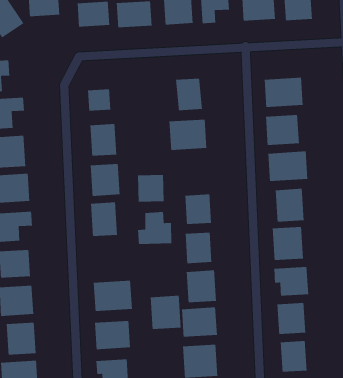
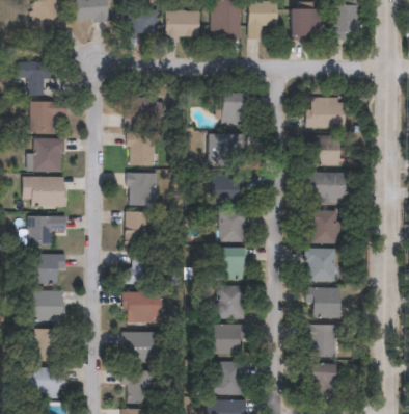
building: [137,174,164,203] -> [213,175,241,204]
building: [137,211,172,245] -> [126,251,161,284]
building: [150,295,181,330] -> none

